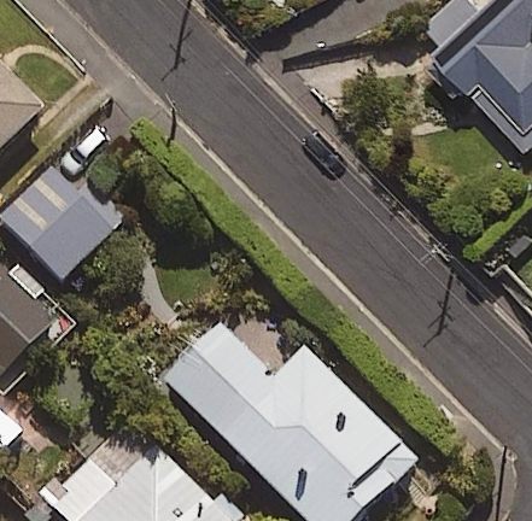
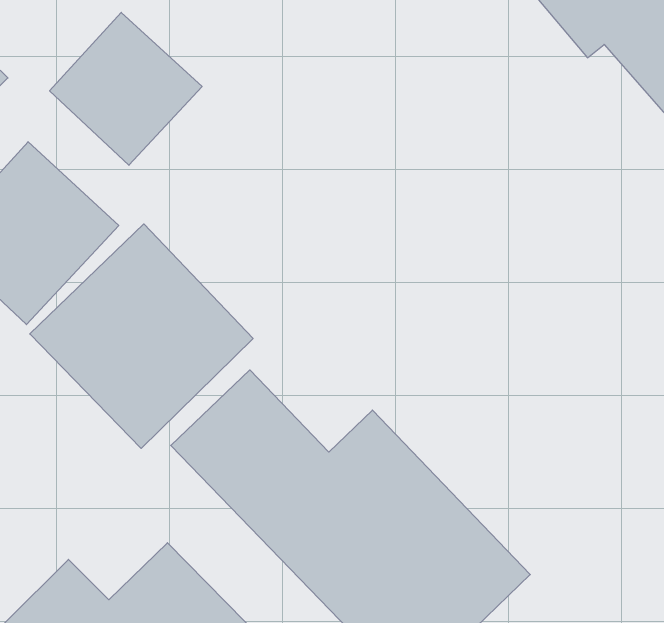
building: none -> [50,12,202,165]
building: none -> [30,224,253,448]

